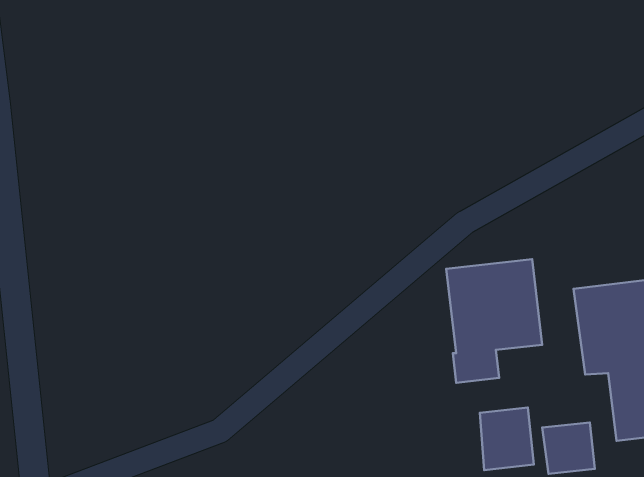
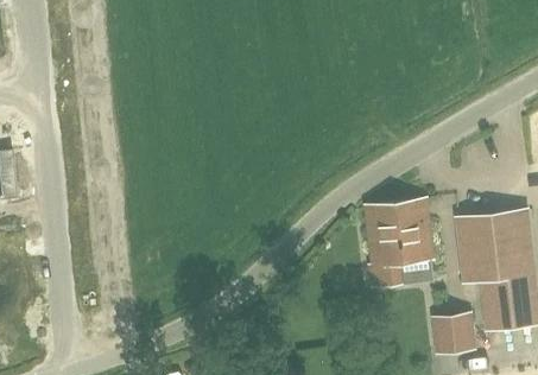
building: [480,408,534,470] -> none

